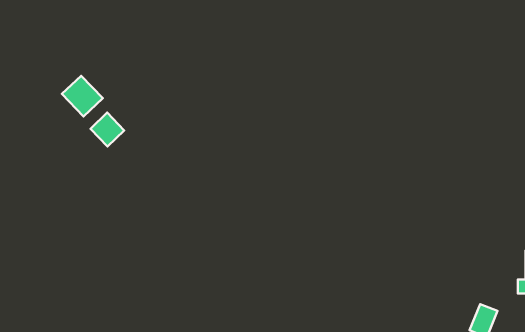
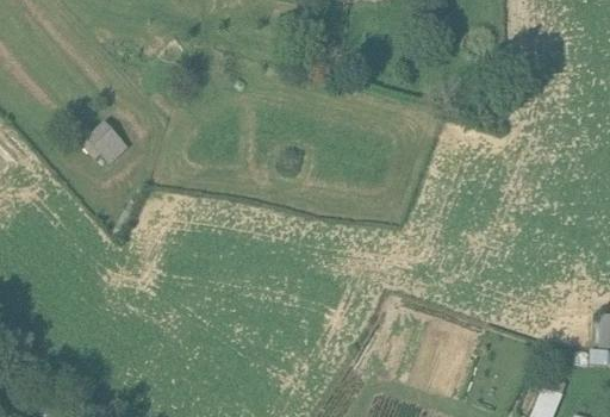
building: [90,113,124,147] -> none

